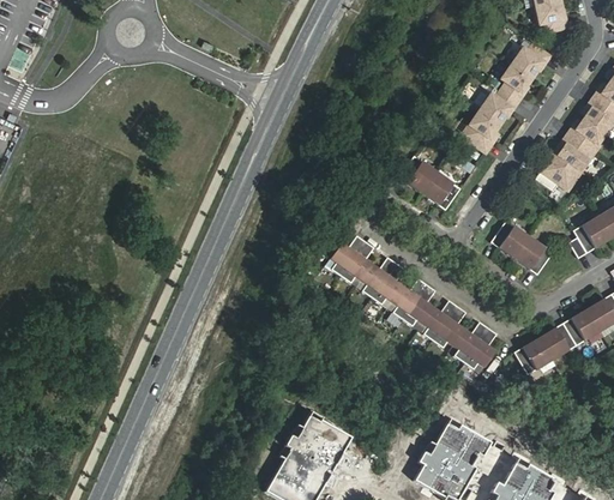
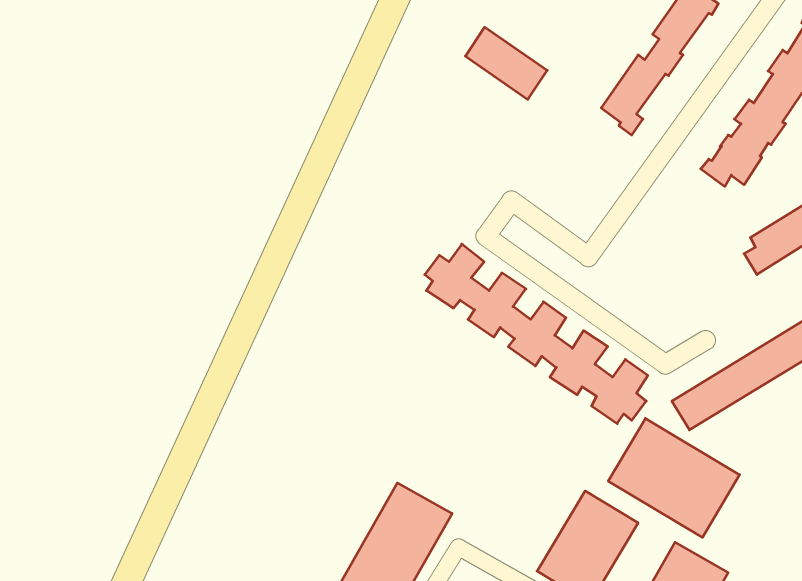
building: [399,156,460,210] -> [465,27,547,99]
building: [490,221,553,275] -> none
building: none -> [608,418,740,537]

